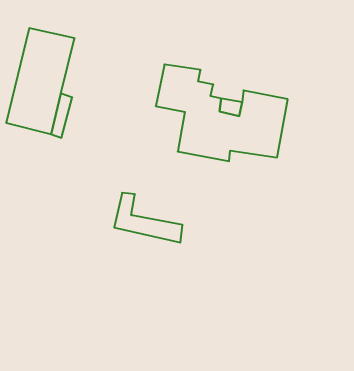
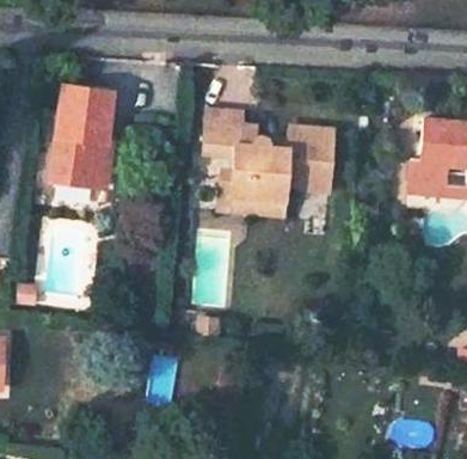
building: [114,193,183,243] -> [213,171,281,214]

